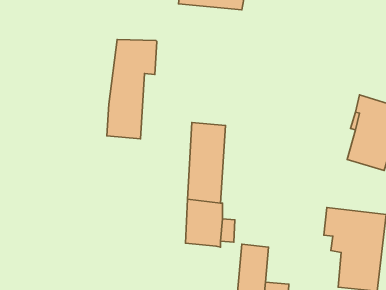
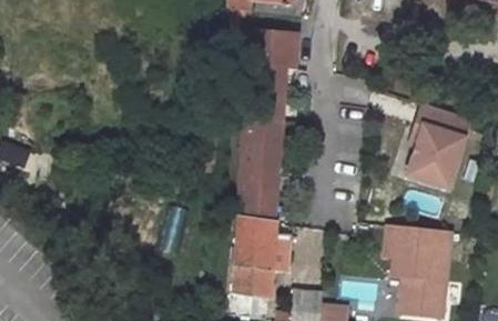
building: [107,40,157,139] -> [243,30,297,138]
building: none -> [234,265,270,299]

